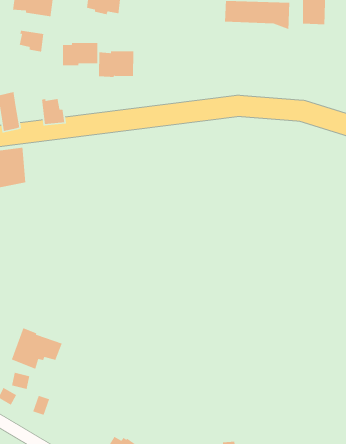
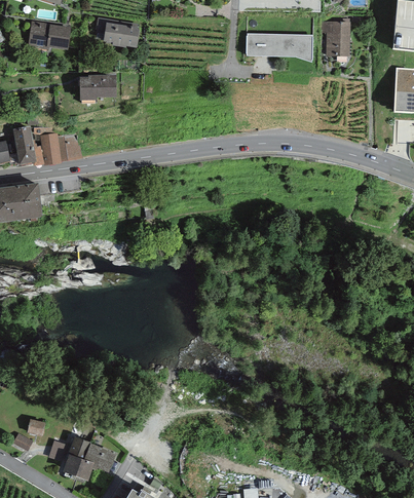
building: [19,30,44,53] -> none
building: [98,50,134,78] -> none
building: none -> [32,131,62,168]
building: [11,327,63,370] -> [63,432,116,476]

